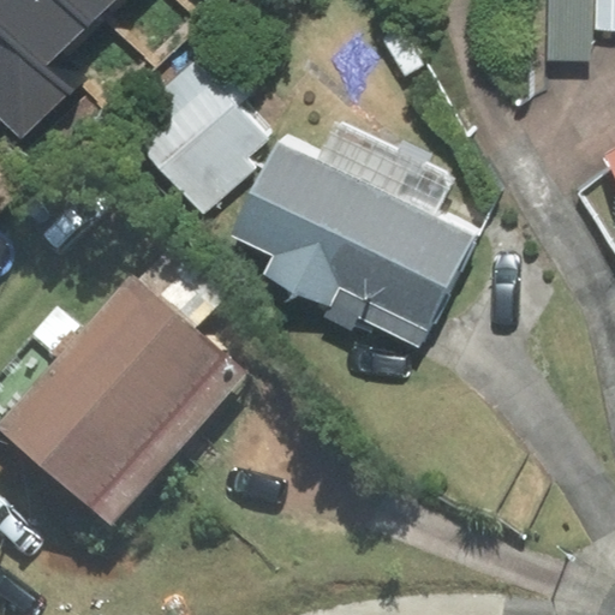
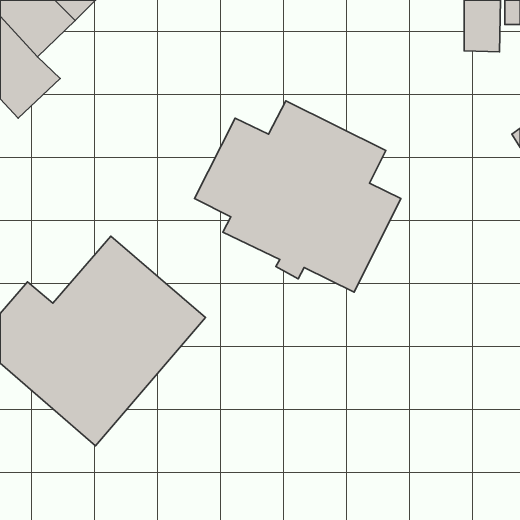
building: [125,54,271,213] -> none

